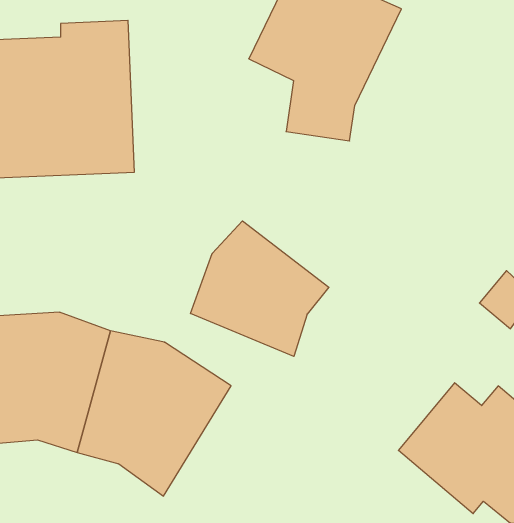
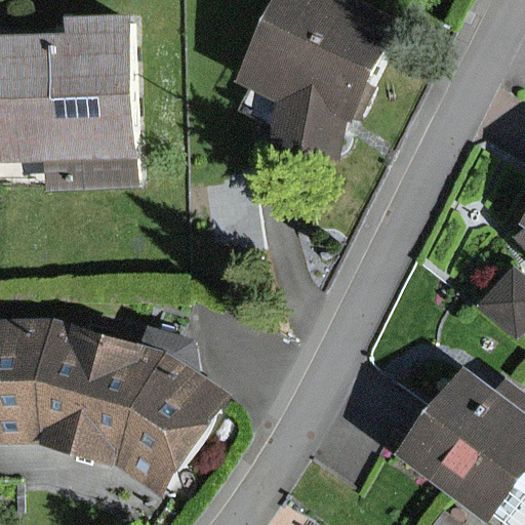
building: [191,221,329,356] -> none

